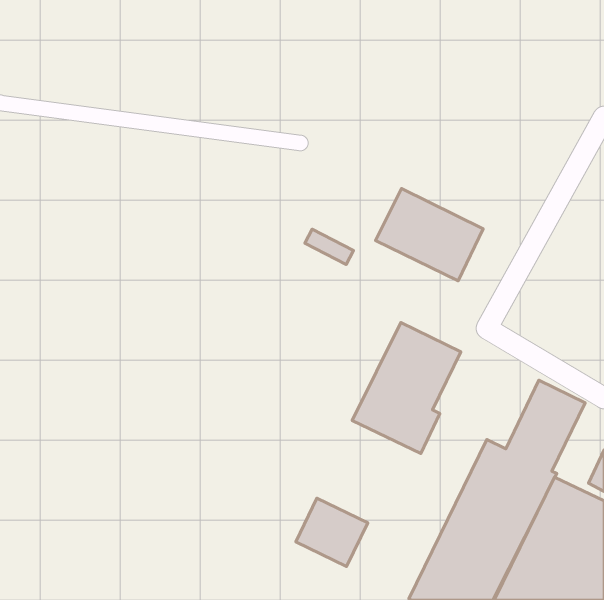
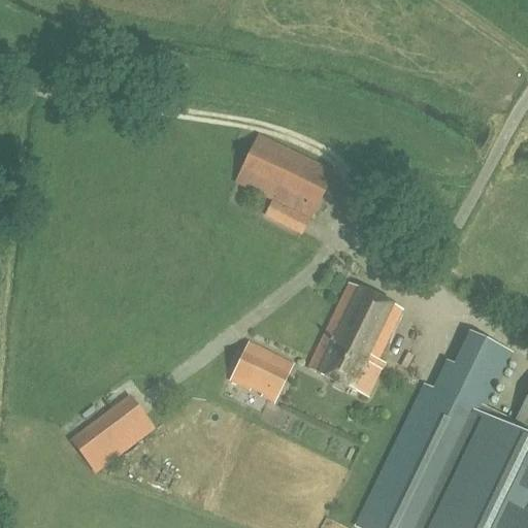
building: [375,189,483,281] -> [237,135,331,216]
building: none -> [72,395,153,470]
building: [296,498,368,567] -> [230,340,293,400]

